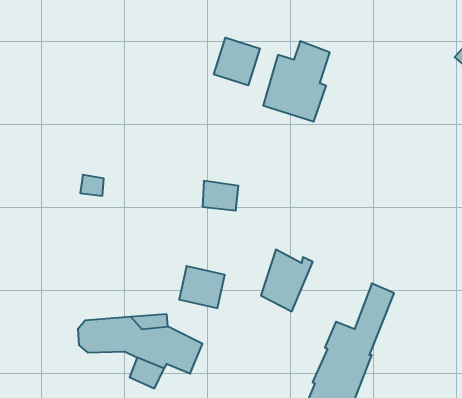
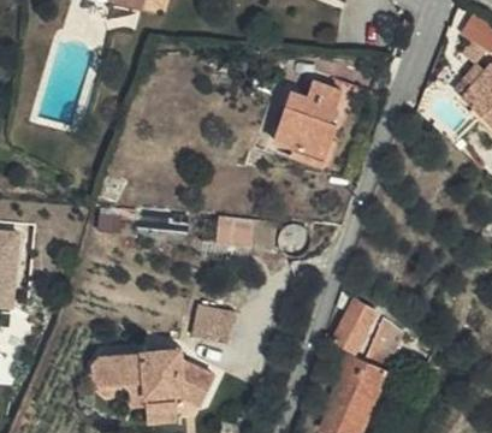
building: [214,38,260,85] -> none
building: [261,250,313,311] -> [326,295,377,355]

